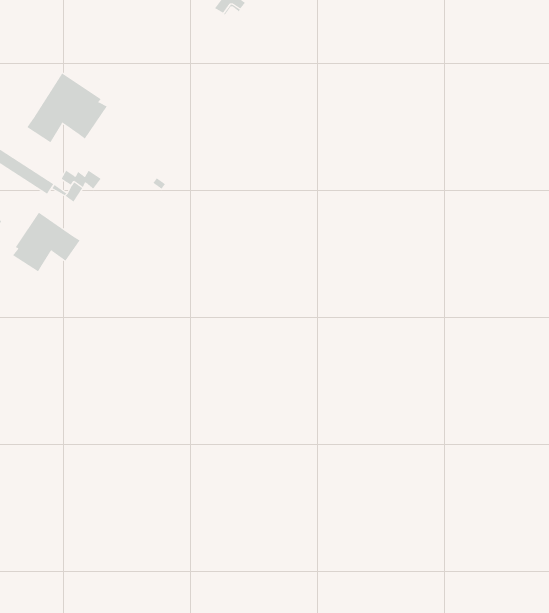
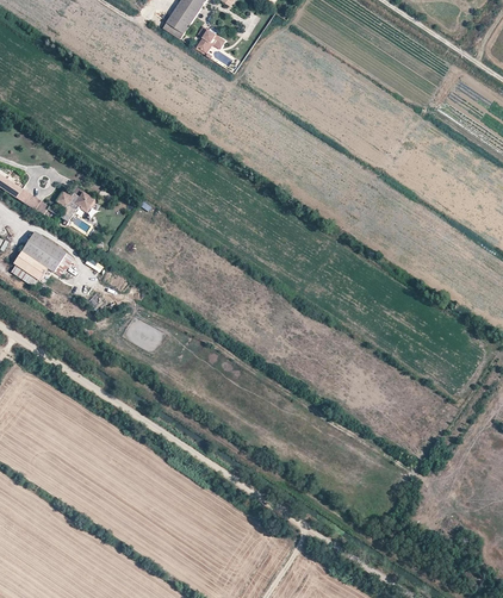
building: [27,73,107,143] -> none

